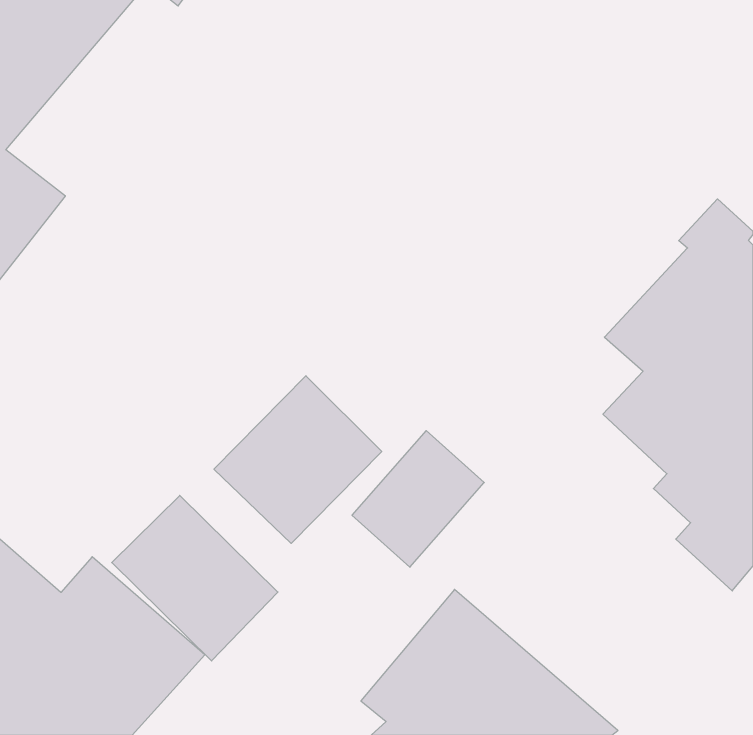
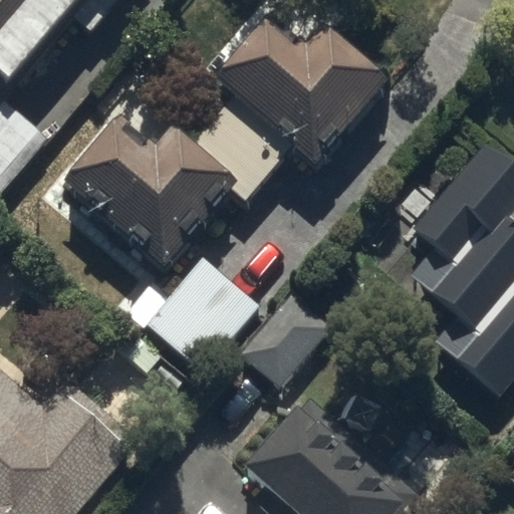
building: none -> [192,28,390,196]
building: none -> [64,118,237,275]
building: [112,495,278,661] -> none

